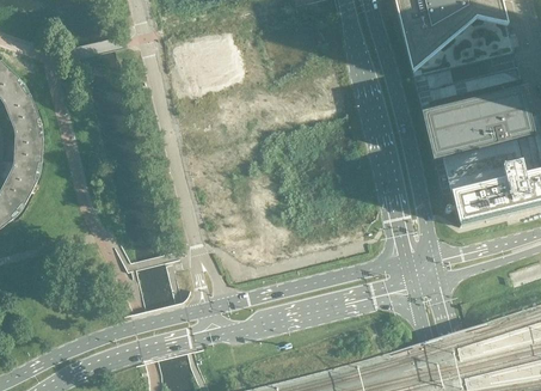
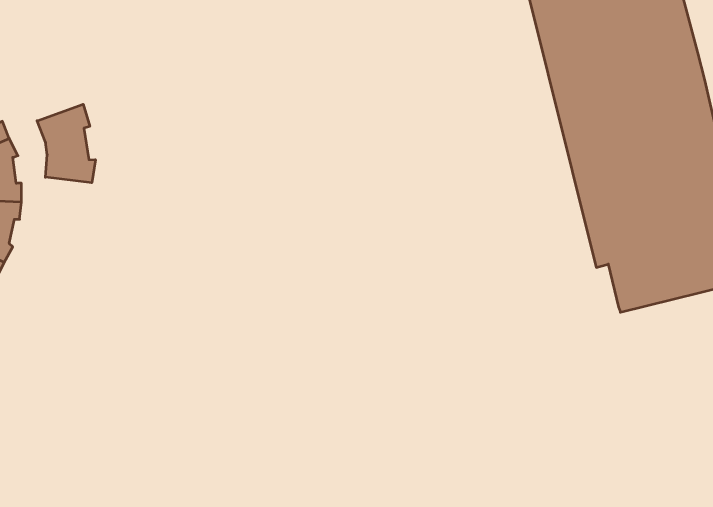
building: none -> [37,104,95,183]

